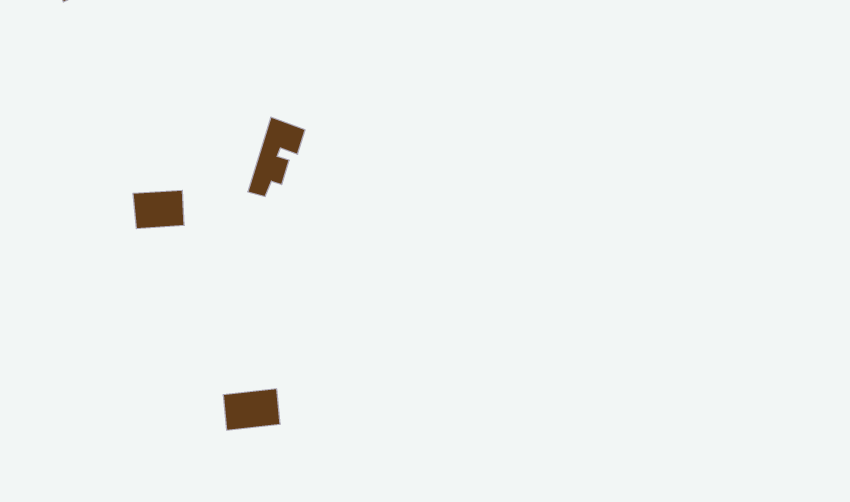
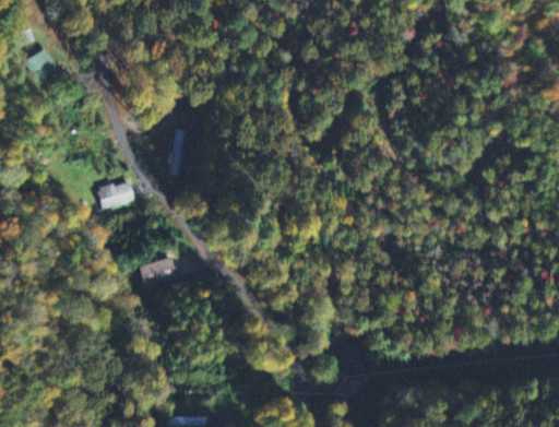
building: [223,389,280,430] -> [139,258,176,287]

